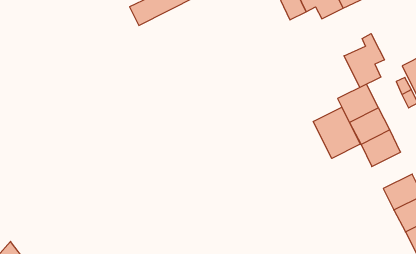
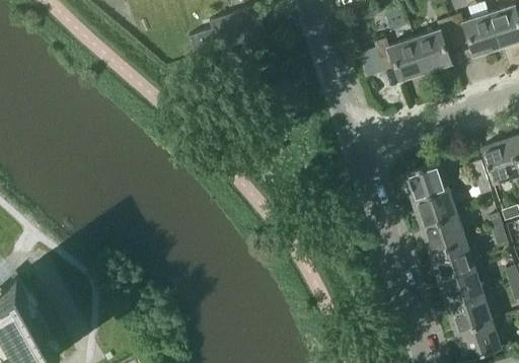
building: [344,34,384,87] -> none
building: [313,107,360,158] -> none
building: none -> [431,243,474,281]

